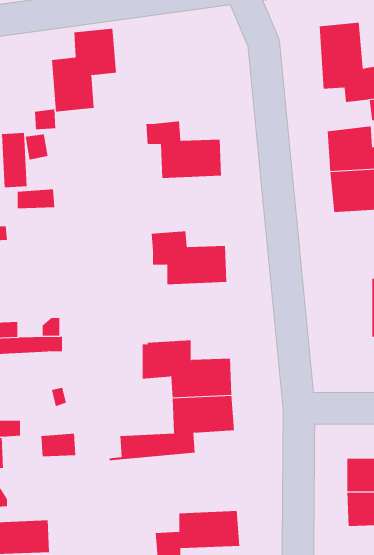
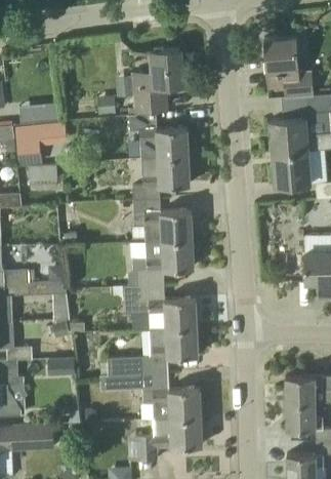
building: [51,28,117,112] -> [133,50,184,116]
building: none -> [133,157,191,202]
building: none -> [129,240,195,287]
building: none -> [100,373,201,421]

